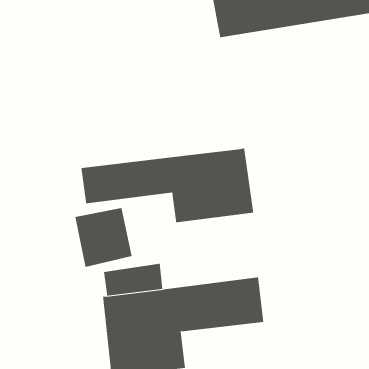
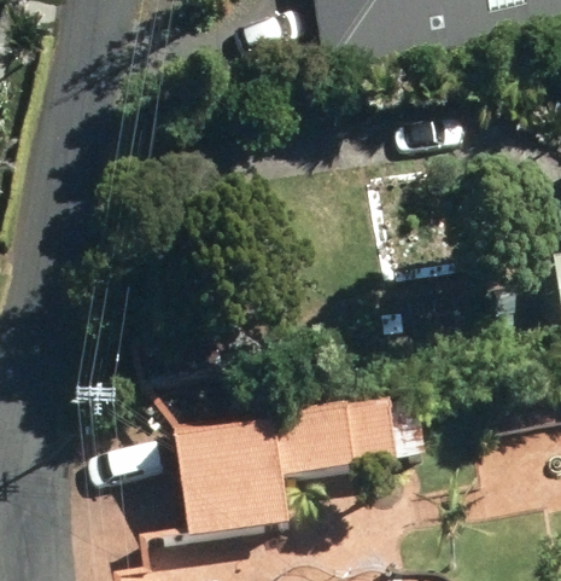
building: [81,147,254,223] -> none

